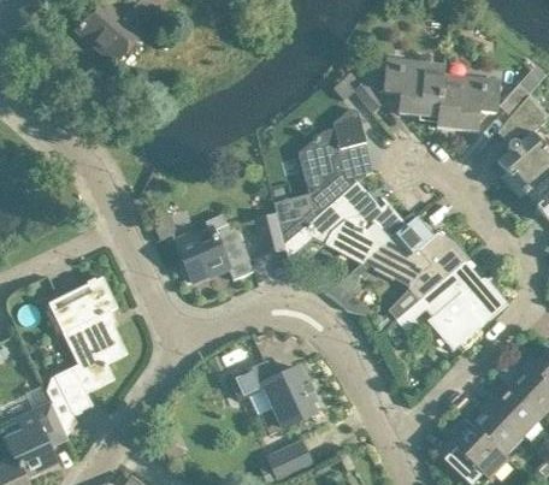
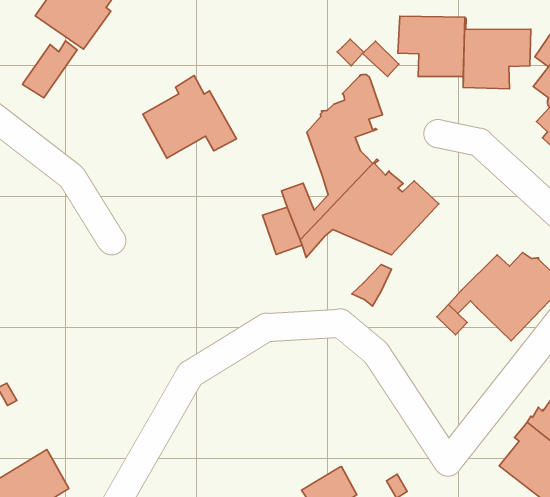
building: none -> [23,41,77,98]
building: [175,213,253,282] -> [143,75,237,158]
building: [361,215,468,300] -> none
building: [47,277,126,414] -> none
building: [229,361,314,434] -> none

